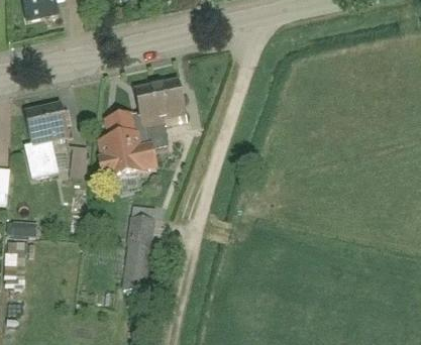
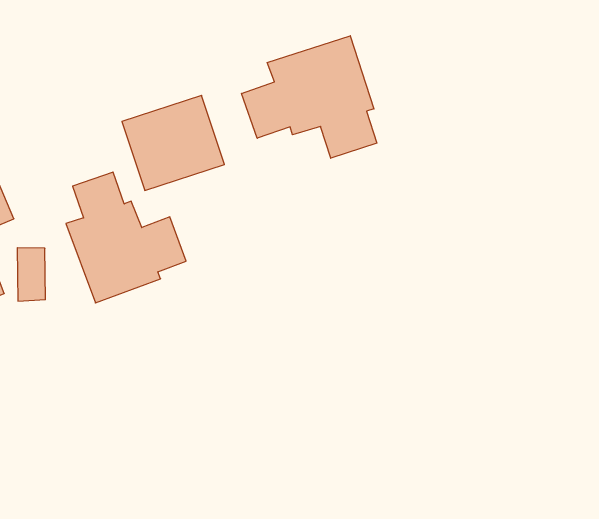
building: none -> [242,36,377,158]
building: [122,206,155,286] -> none

